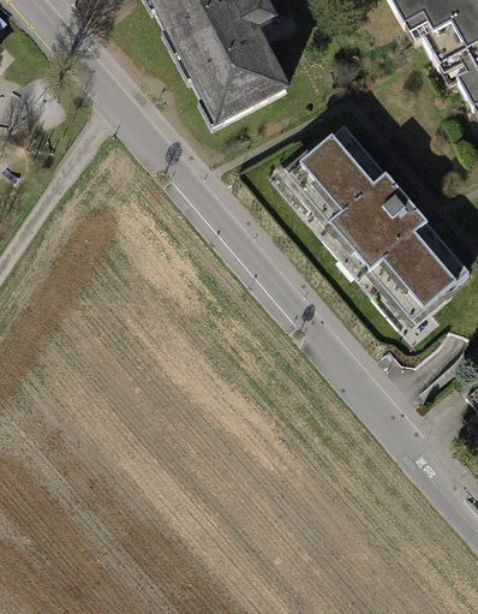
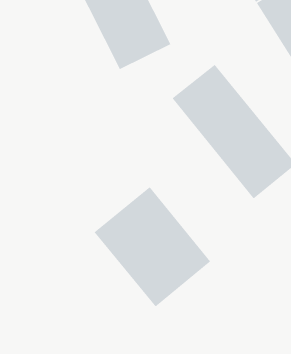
building: none -> [94,186,211,307]

